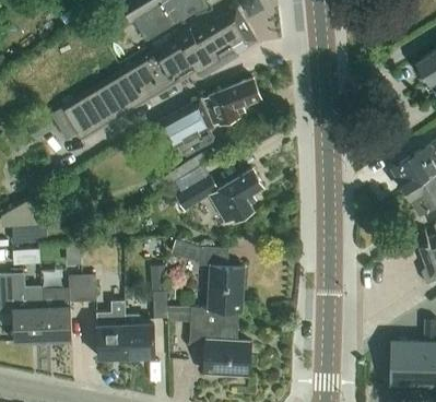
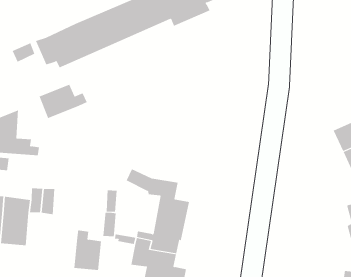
building: [156,79,261,150] -> none
building: none -> [39,84,88,119]
building: [175,165,263,224] -> none
building: [96,300,127,358] -> none

